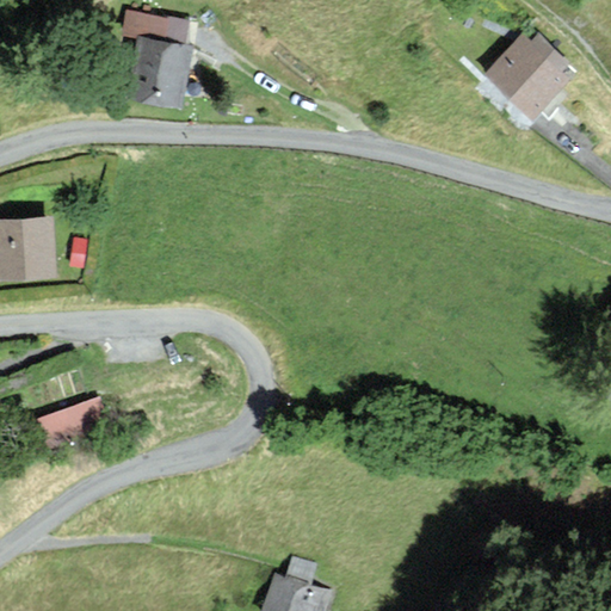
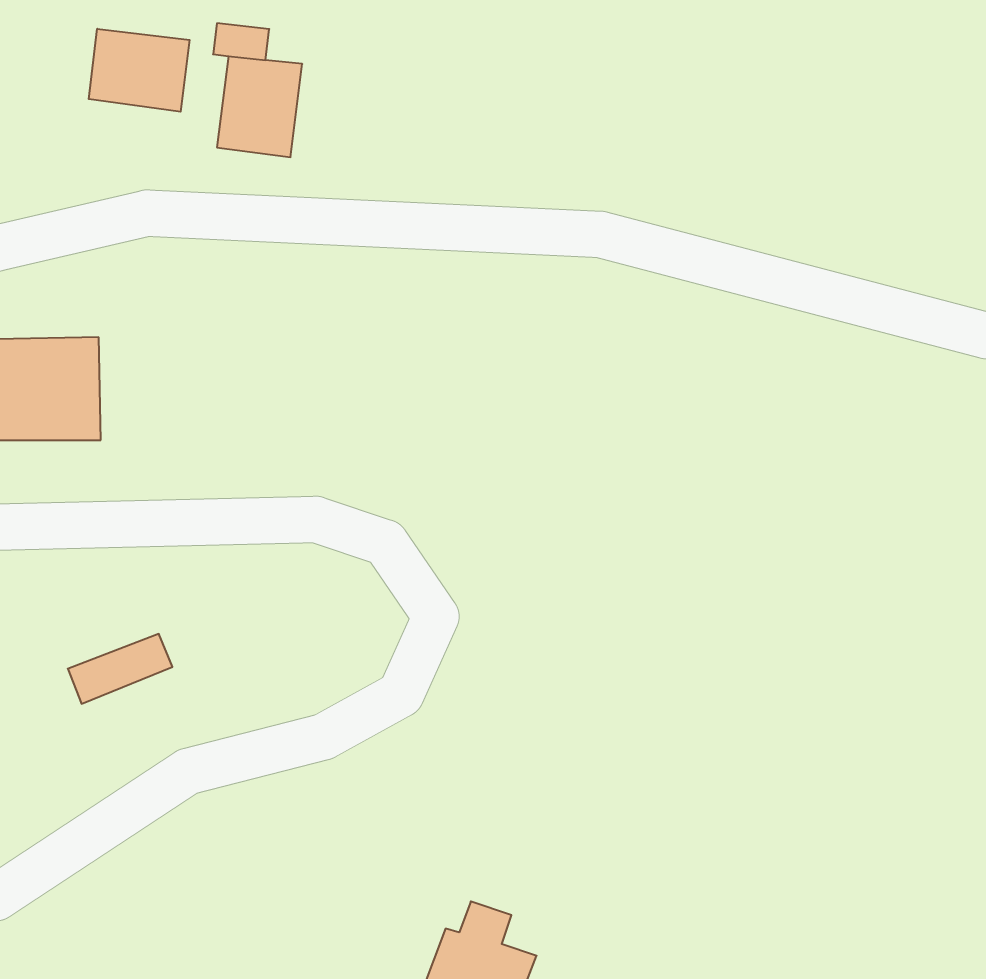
building: none -> [89,29,190,112]
building: [485,31,564,117] -> none

